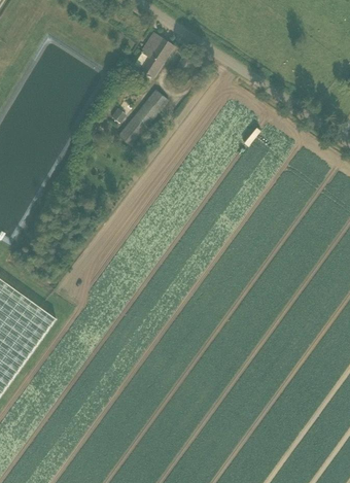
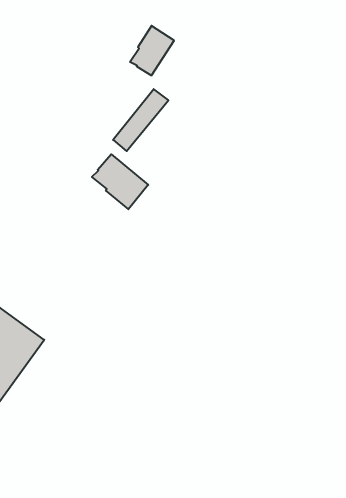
building: none -> [92,154,148,209]

